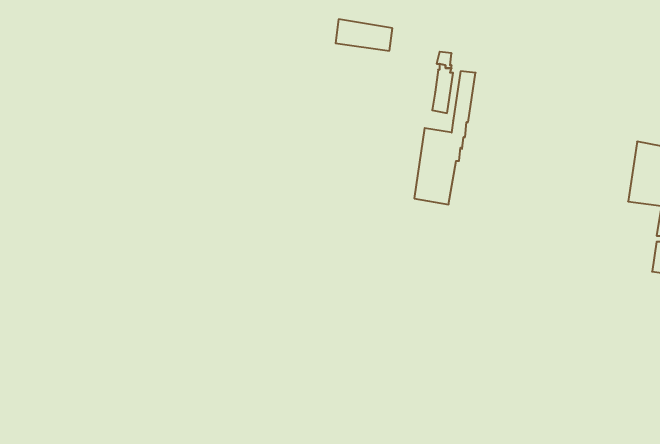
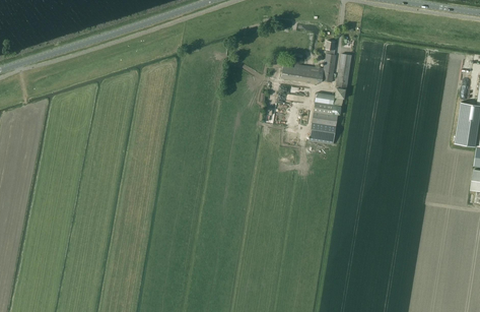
building: [336,19,392,51] -> [282,62,321,83]

